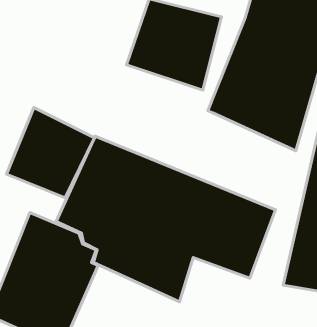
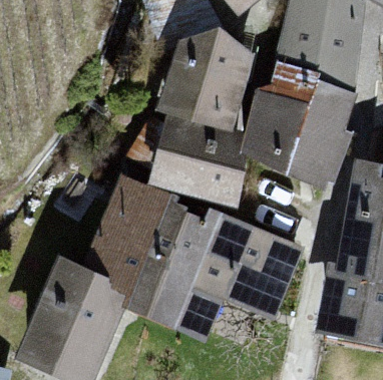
building: none -> [149,99,247,207]
building: [6,108,95,198] -> none

